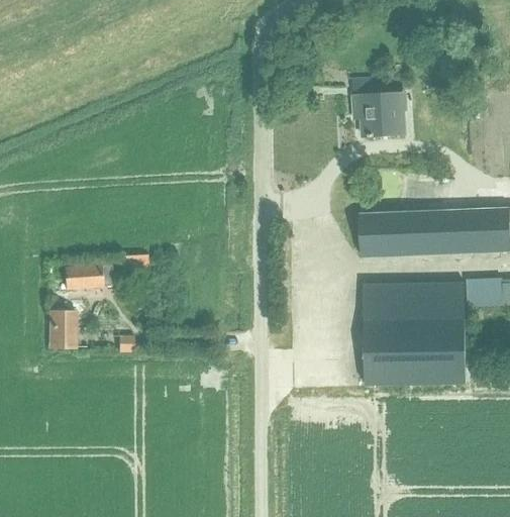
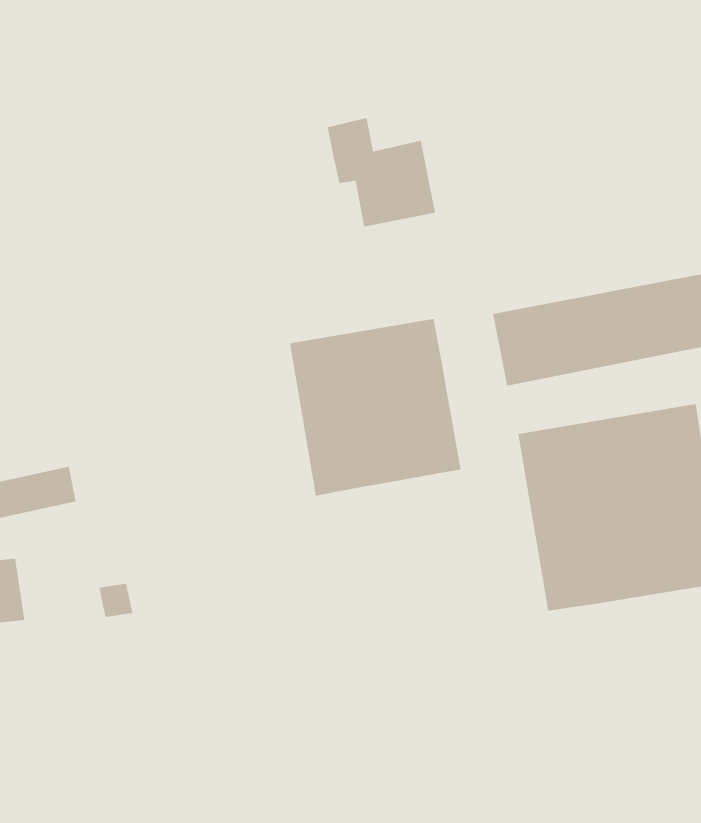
building: [351,76,405,136] -> [327,118,436,227]
building: none -> [289,318,461,496]

